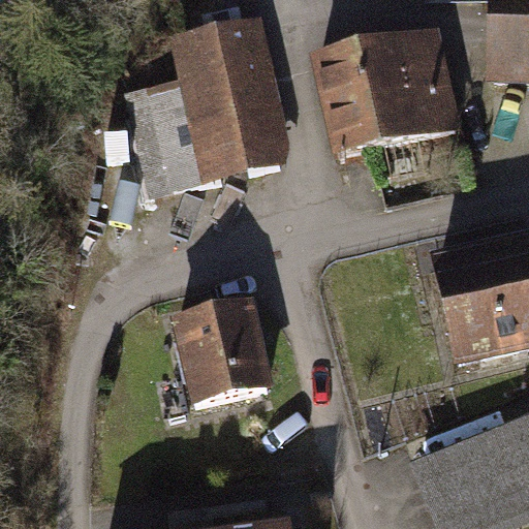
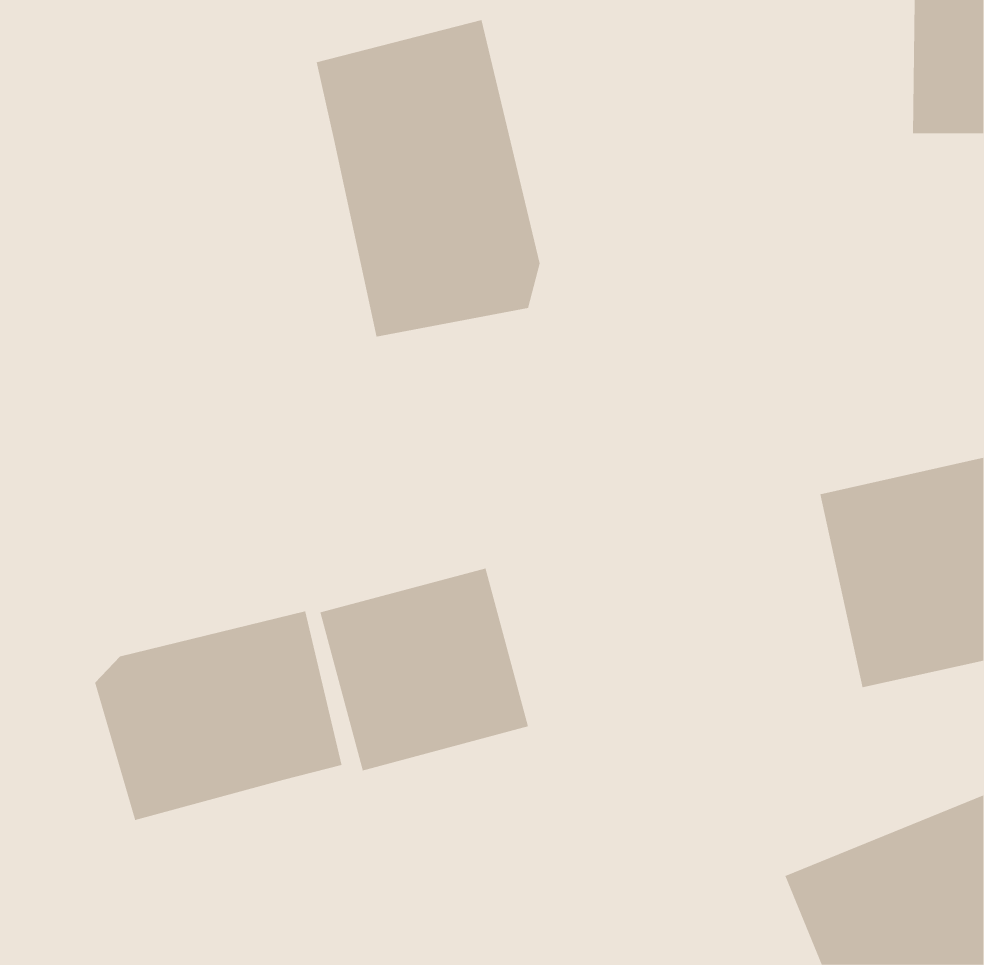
building: [319,35,449,150] -> none
building: [124,74,200,191] -> none
building: none -> [95,611,342,821]

